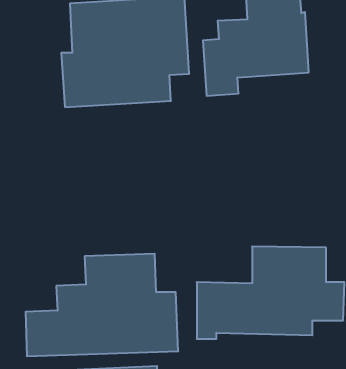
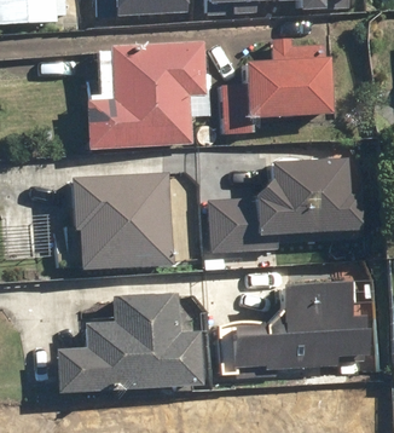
building: none -> [212,160,361,252]
building: none -> [69,172,174,269]

